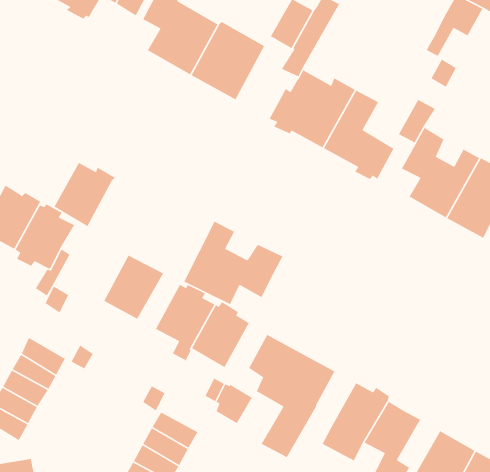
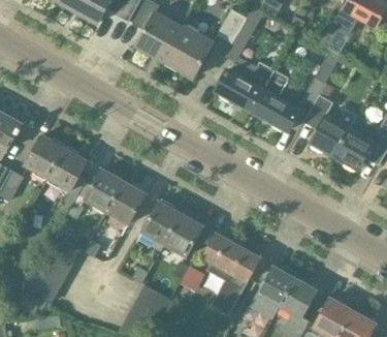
building: [54,162,116,227] -> [84,167,125,211]
building: [183,221,284,305] -> none

